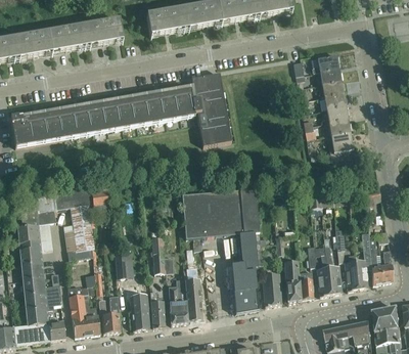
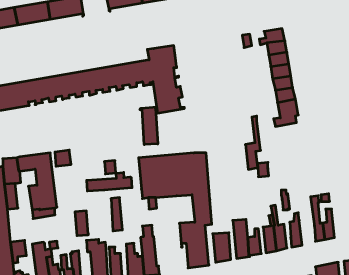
building: none -> [140,107,158,145]
building: none -> [87,172,132,191]
building: [355,230,371,287] -> [245,116,261,169]

